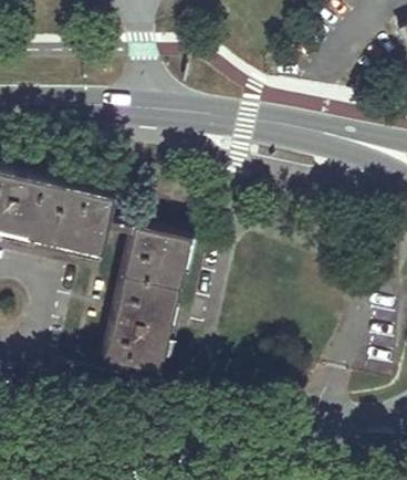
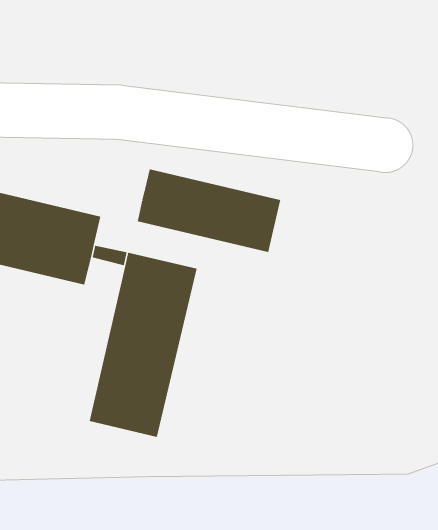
building: none -> [137,168,281,253]

